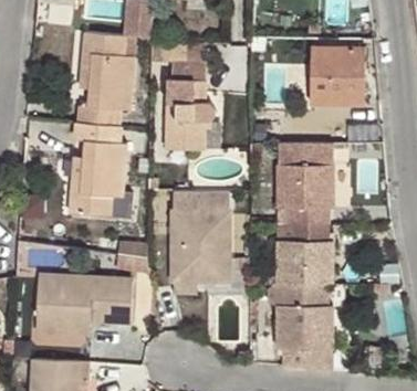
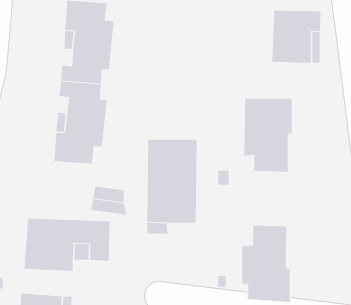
building: [166,60,216,150] -> none
building: [278,223,332,284] -> none

